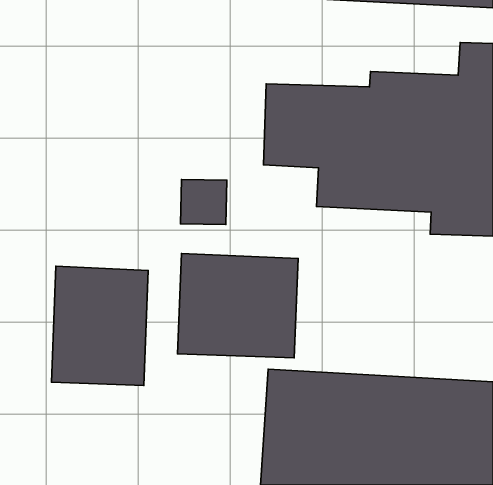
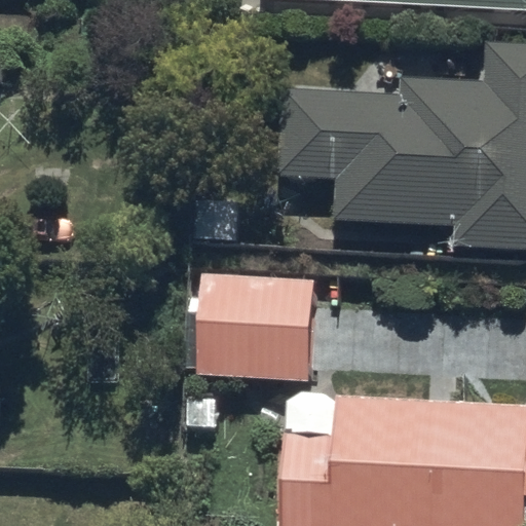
building: [51,266,148,385] -> none

